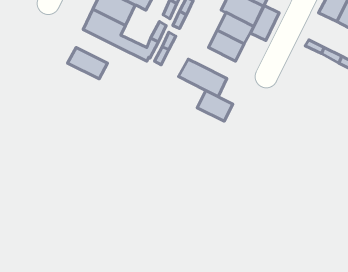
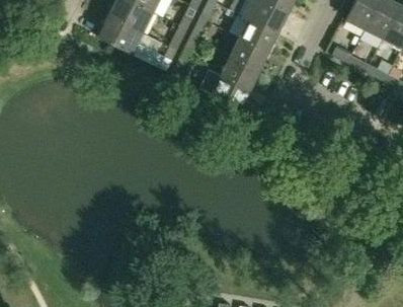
building: [251,5,279,41] -> none
building: [68,47,108,79] -> none
building: [197,91,233,121] -> [221,57,258,89]

